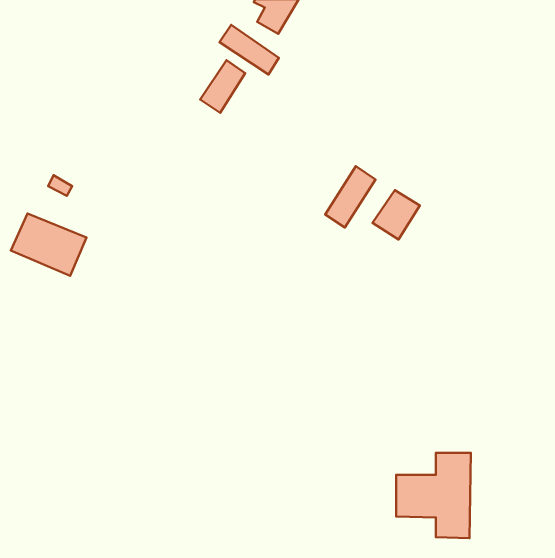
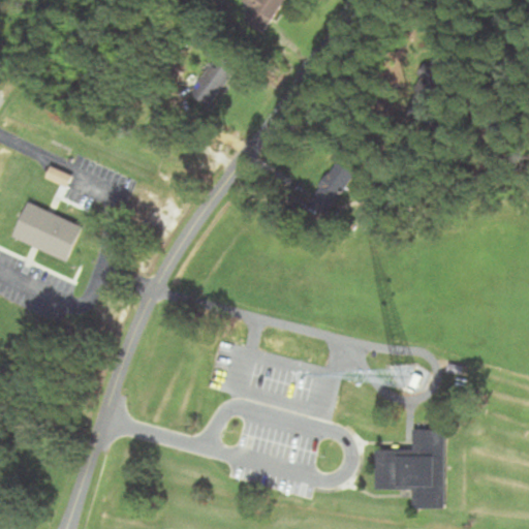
building: [220,25,279,75] -> none
building: [372,190,420,239] -> none

